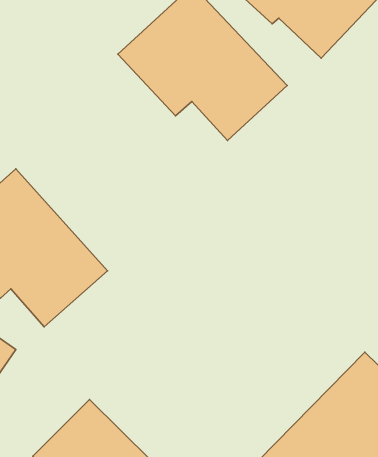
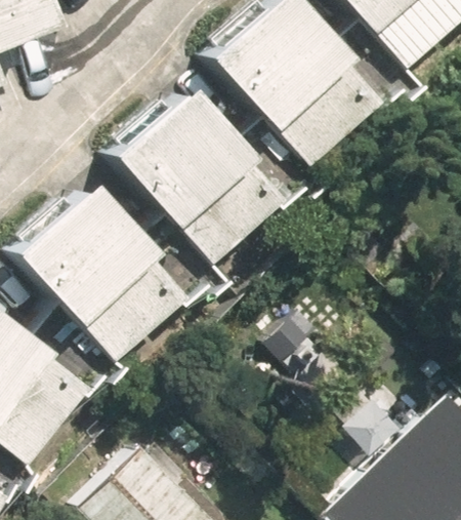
building: none -> [76,98,255,270]

